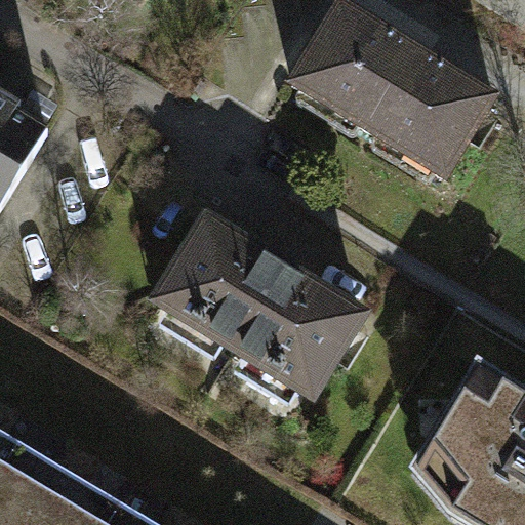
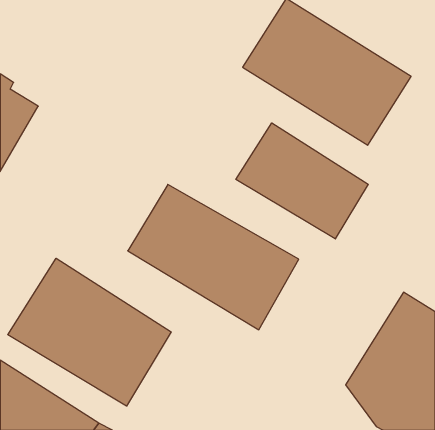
building: none -> [236,123,368,239]
building: none -> [8,258,171,406]

